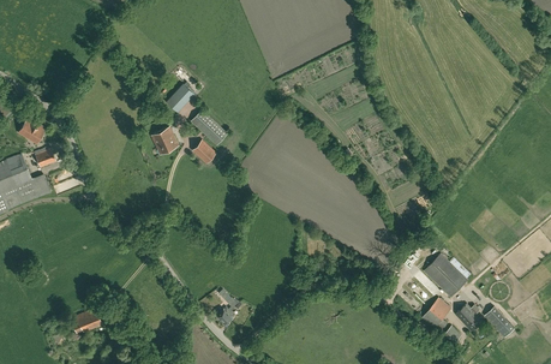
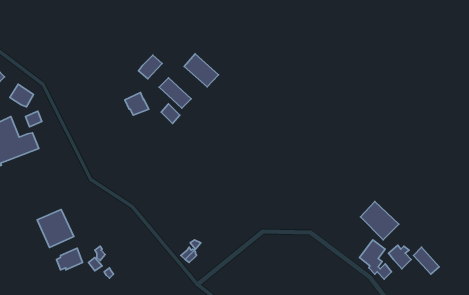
building: none -> [184,54,218,87]
building: none -> [37,210,74,248]

